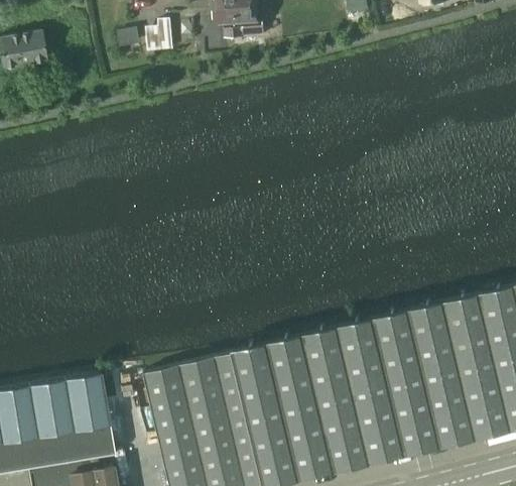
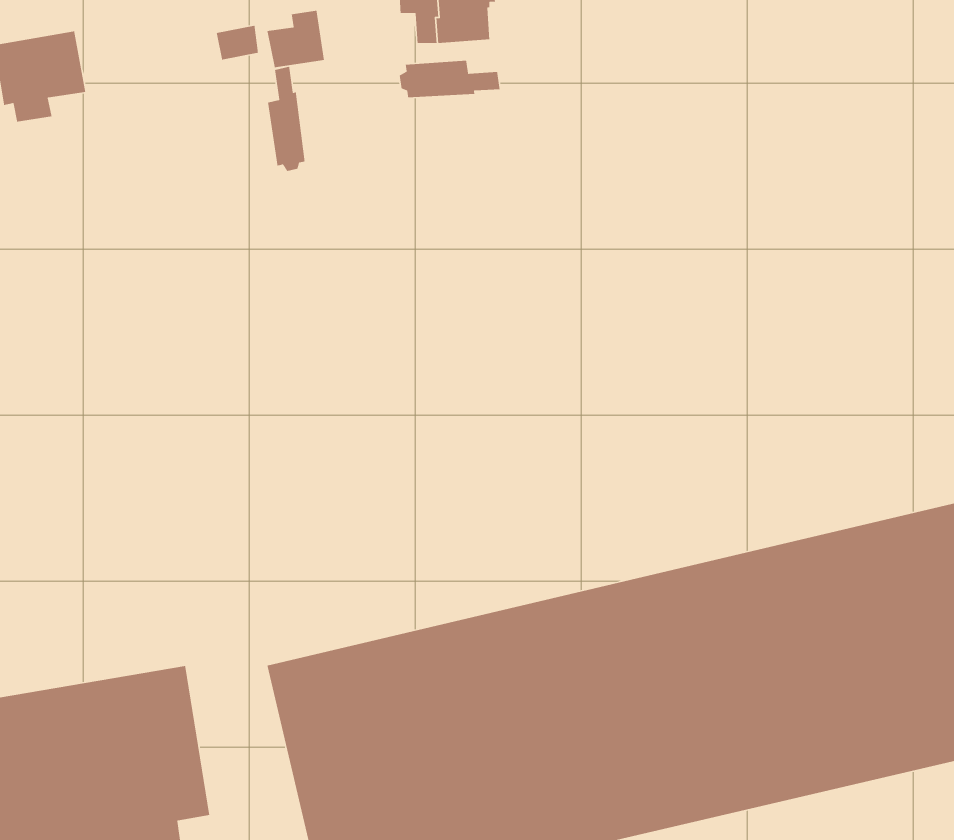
building: none -> [399,60,500,98]
building: none -> [267,66,306,172]

